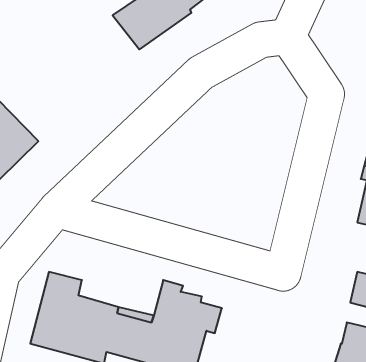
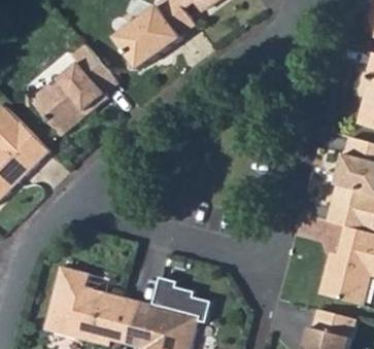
building: none -> [35,44,117,139]

